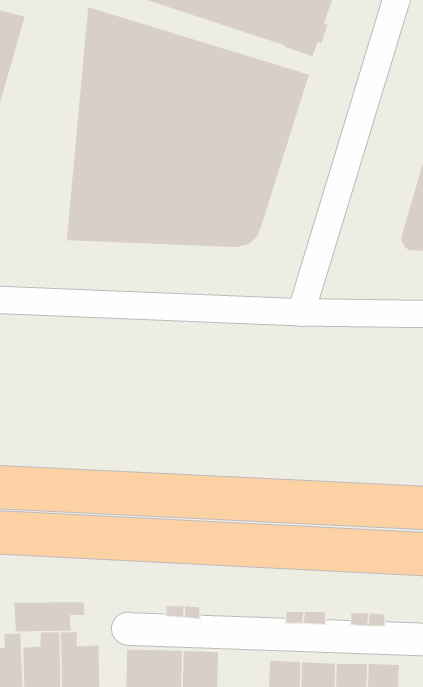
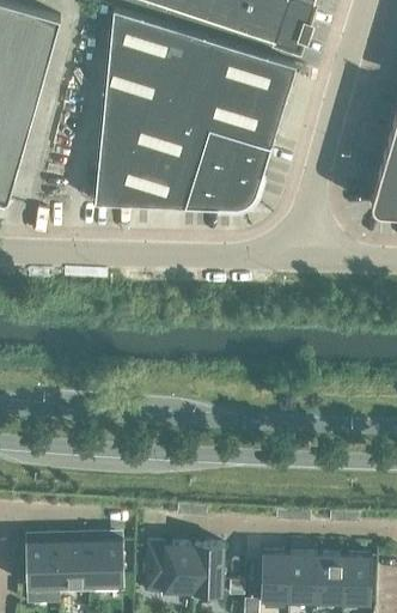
building: [14,601,85,632] -> none

